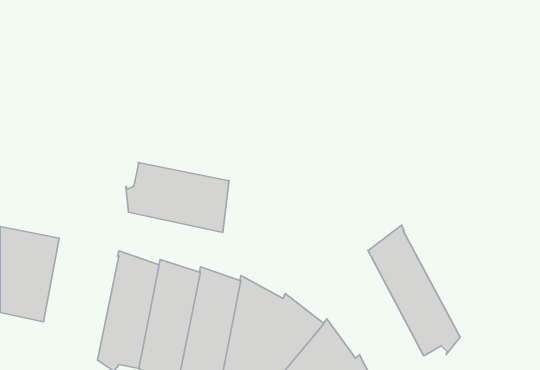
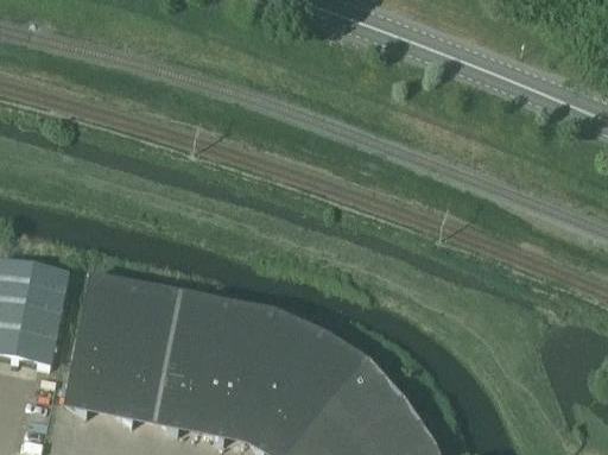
building: [126,162,229,232] -> none
building: [368,225,460,356] -> none
building: none -> [65,273,135,411]

